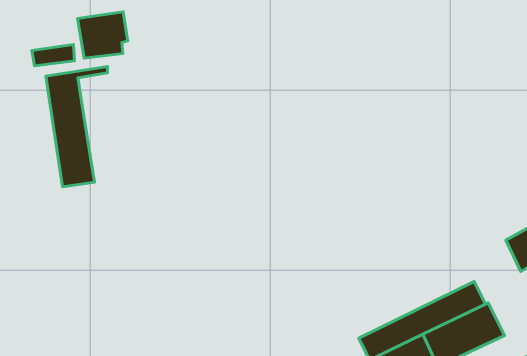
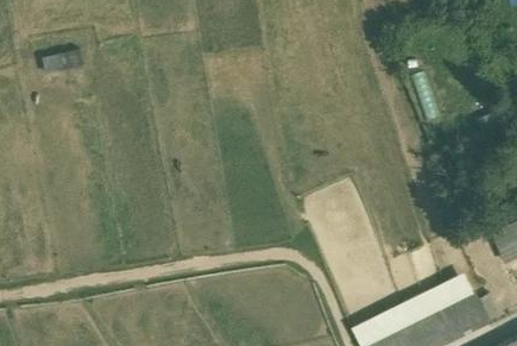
building: [78,12,128,58] -> none
building: [46,67,108,187] -> none

